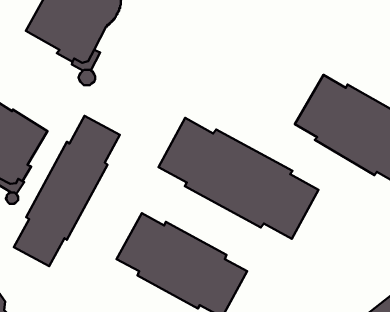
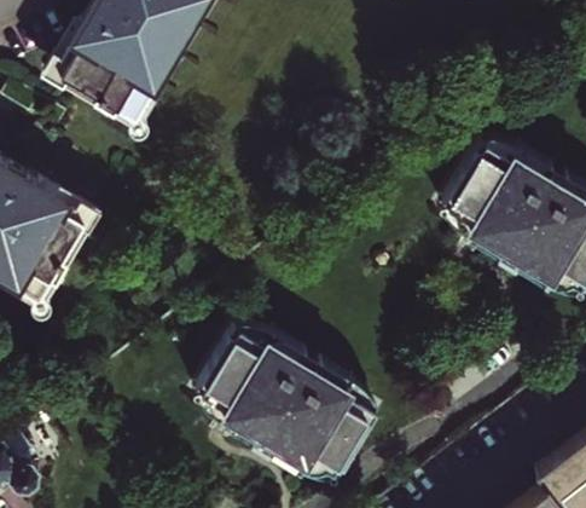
building: [14,116,120,266] -> none
building: [159,118,318,239] -> none

